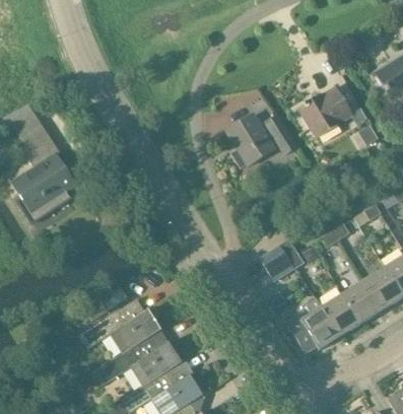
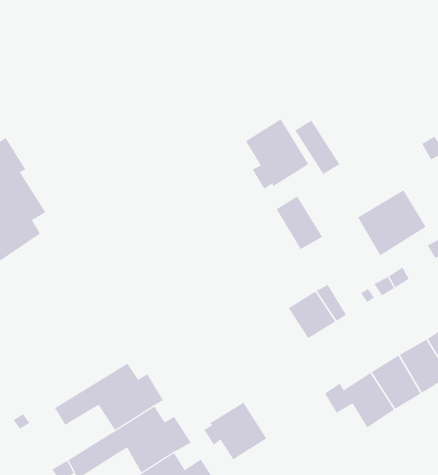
building: [298,87,351,138] -> [357,189,427,256]
building: none -> [276,195,323,250]
building: none -> [203,402,267,460]

